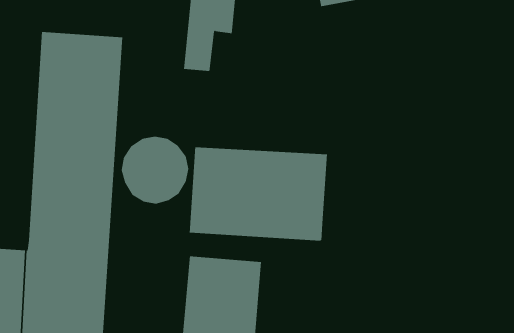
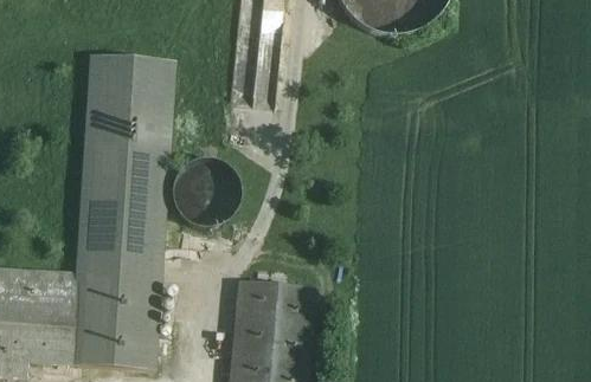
building: [189,146,328,242] -> none

